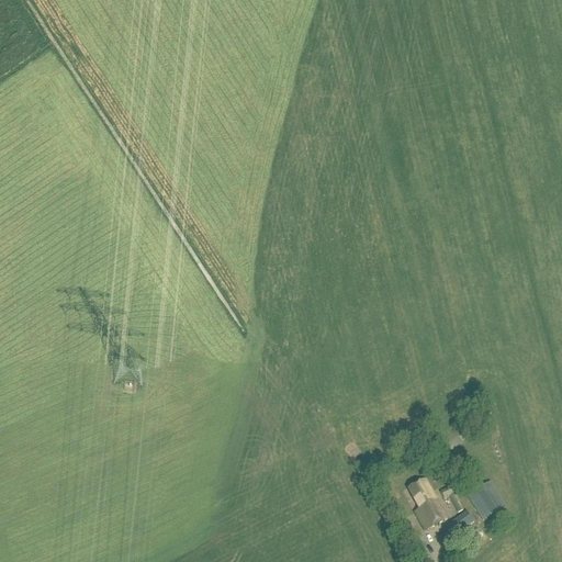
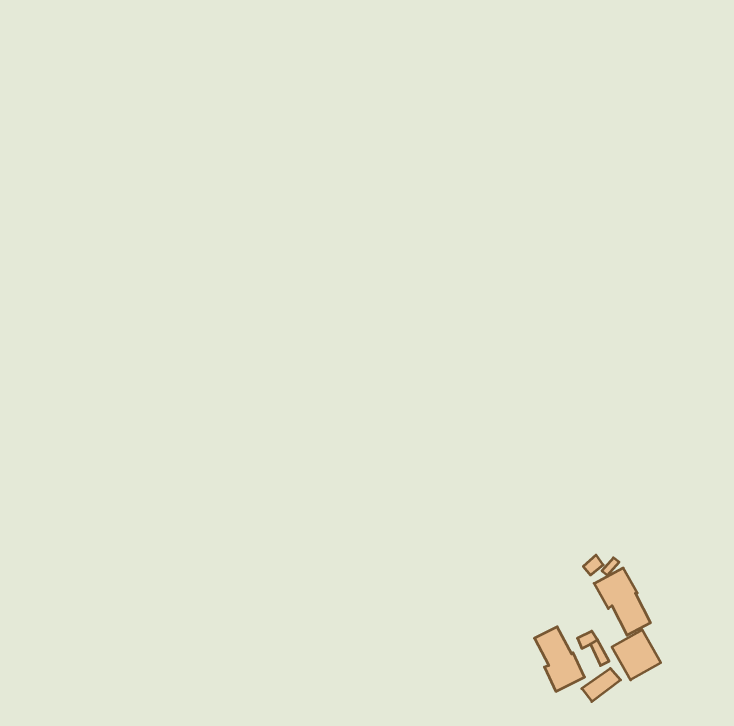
building: none -> [594,568,650,635]

